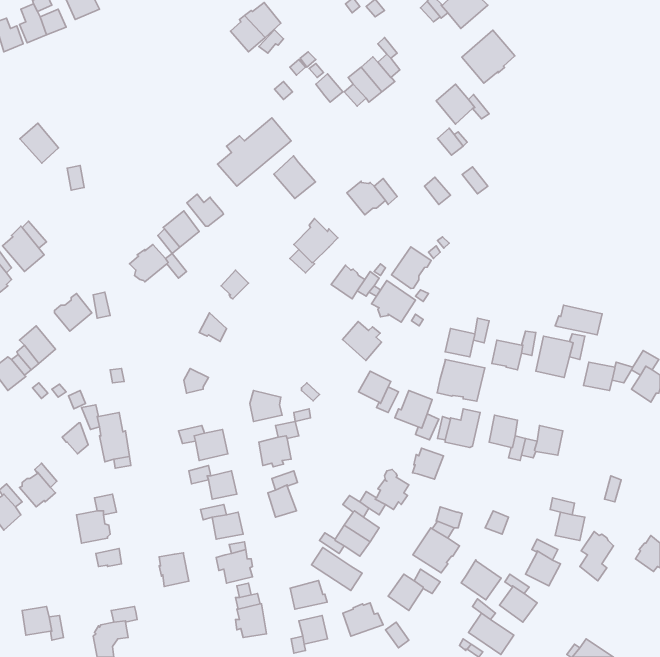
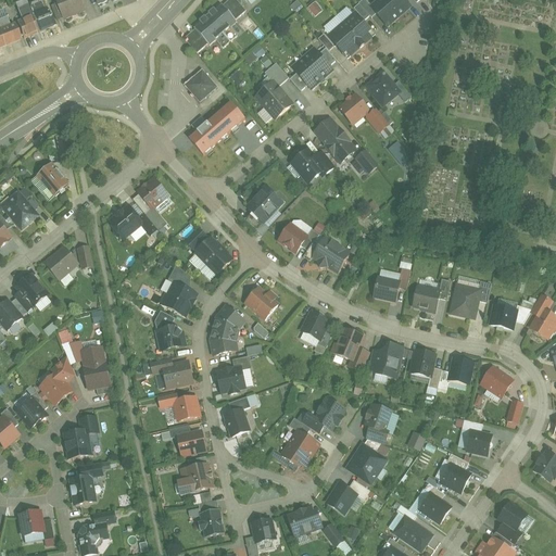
building: [462,30,515,83] -> [328,11,372,55]
building: none -> [187,67,217,101]
building: none -> [339,93,368,123]
building: [20,123,59,163] -> [36,162,68,195]
building: none -> [315,117,355,161]
building: [274,156,315,199] -> [256,80,291,116]
building: [187,194,223,226] -> none
building: [392,247,431,289] -> none
building: none -> [195,237,231,273]
building: [555,305,602,335] -> none
building: [343,322,381,360] -> [244,286,277,318]
building: none -> [161,281,194,314]
building: [437,359,485,401] -> none
building: none -> [213,304,243,333]
building: none -> [156,326,185,349]
building: none -> [481,366,511,401]
building: none -> [40,371,72,403]
building: [412,448,443,479] -> [365,404,391,430]
building: [580,532,613,581] -> [497,502,526,543]
building: [311,548,362,590] -> none
building: [159,553,189,586] -> [70,475,94,503]
building: [461,560,501,600] -> none
building: [290,580,327,609] -> none

